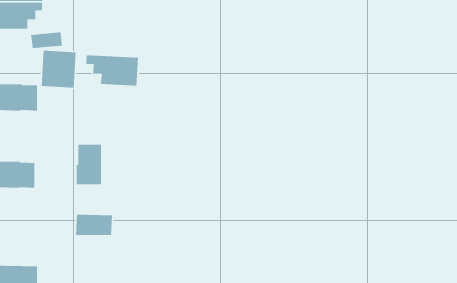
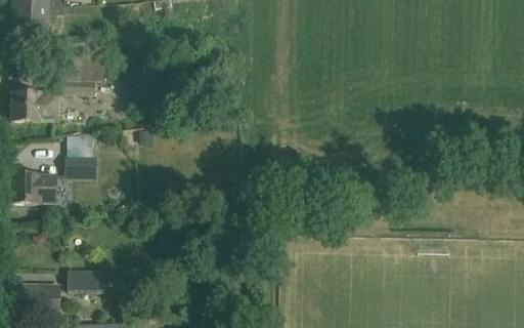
building: [85,54,139,87] -> none
building: [76,144,102,185] -> [64,134,92,178]
building: [75,214,113,236] -> [69,268,108,291]

